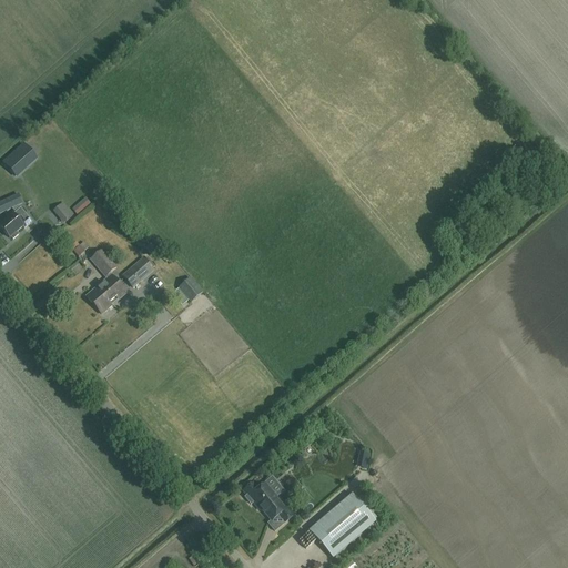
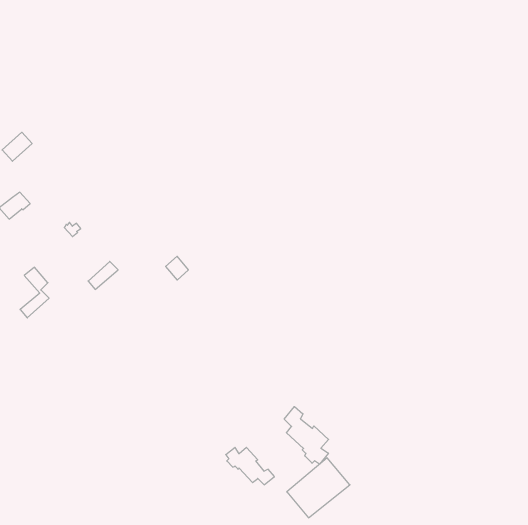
building: [87,247,118,302] -> [20,267,49,318]
building: [122,253,156,285] -> none
building: none -> [284,407,329,464]

